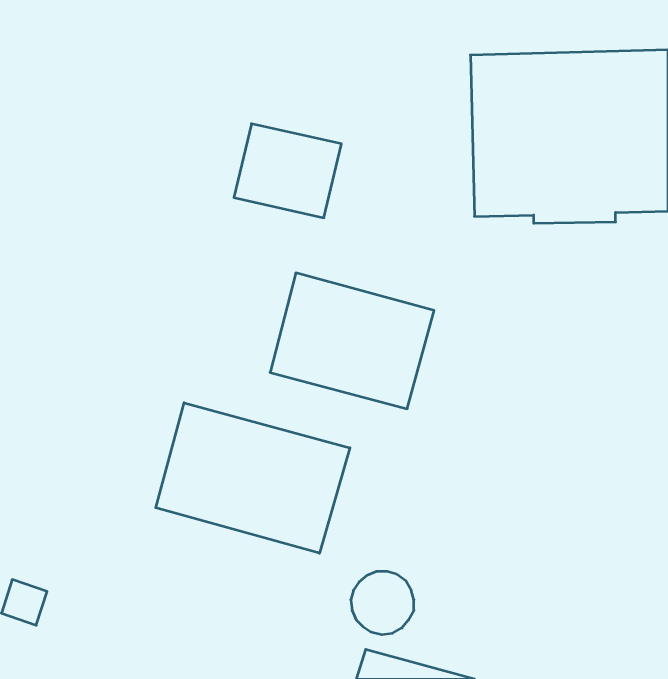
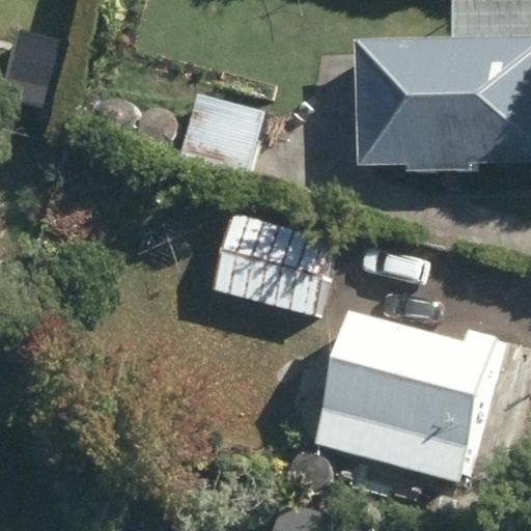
building: [156,403,350,553] -> none
building: none -> [331,313,504,472]

